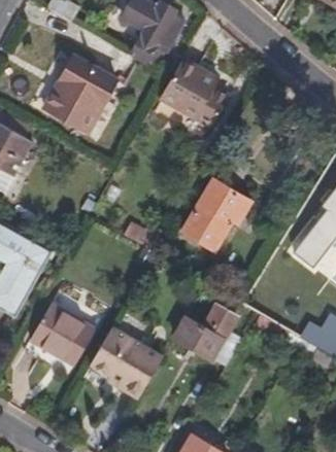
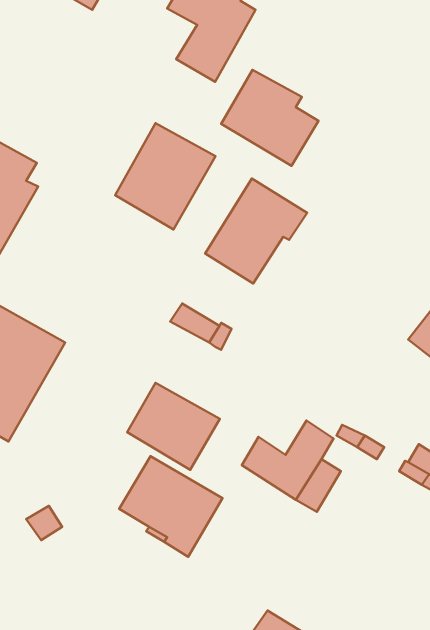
building: [46,55,115,128] -> [115,123,215,230]
building: [183,180,254,252] -> [205,178,307,283]
building: [32,304,96,363] -> [127,383,220,470]

